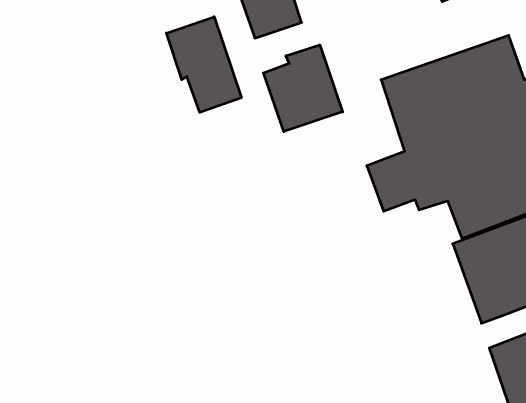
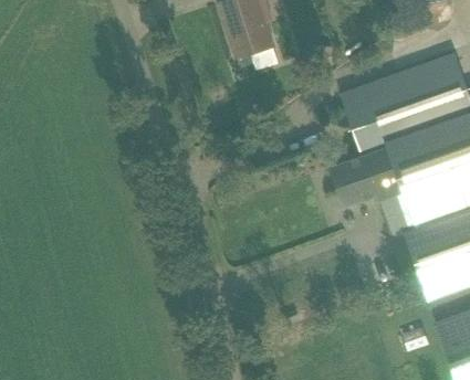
building: [166,17,241,112] -> none
building: [263,45,343,132] -> none

